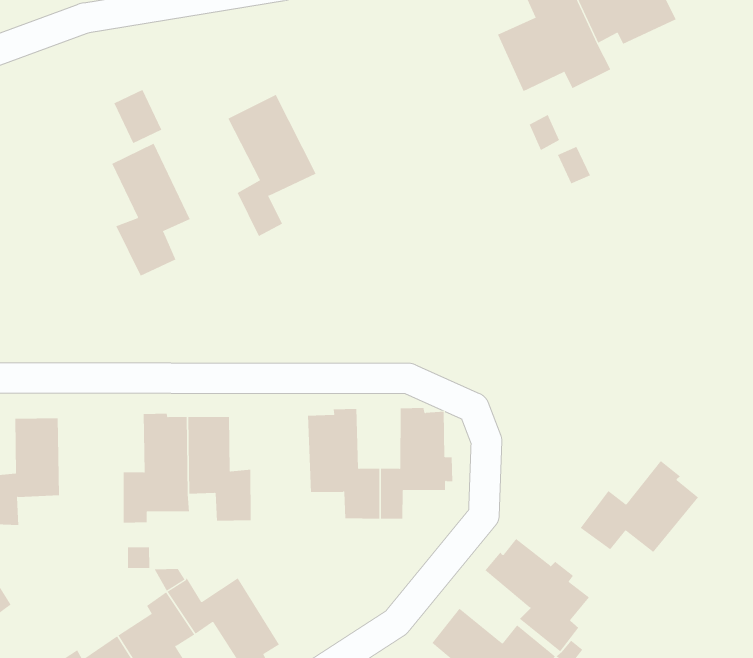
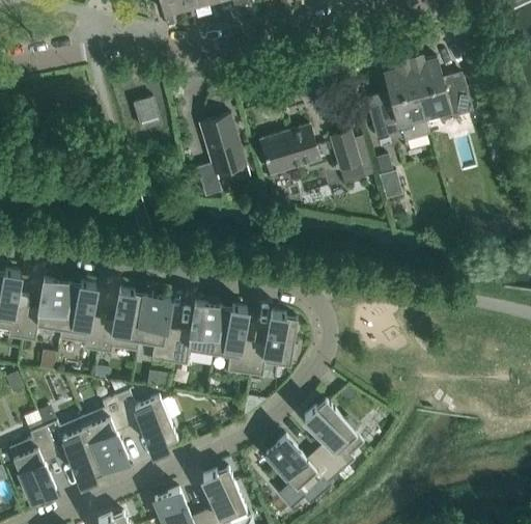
building: none -> [259,126,317,173]
building: none -> [329,133,358,170]
building: [111,143,191,276] -> none
building: none -> [61,282,102,351]
building: none -> [172,302,216,364]
building: [580,460,699,553] -> none

